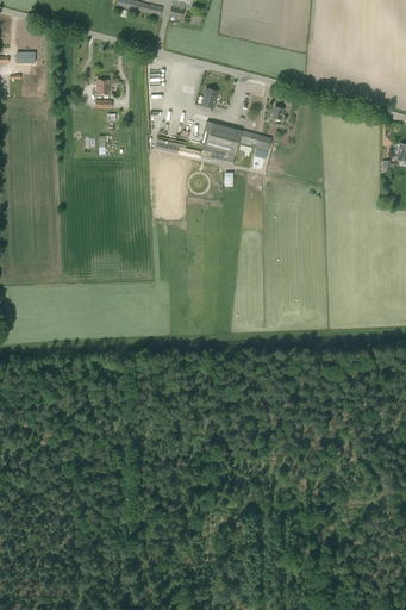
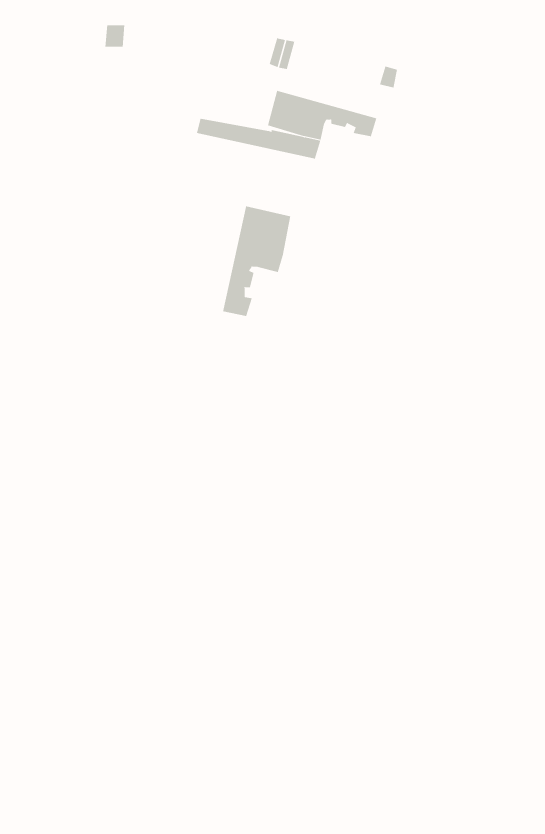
building: none -> [222,205,291,317]

